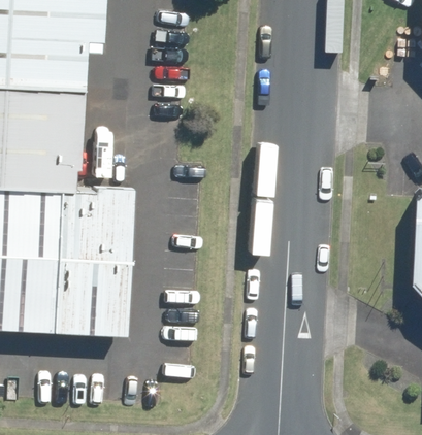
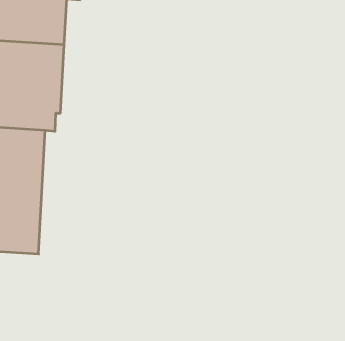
building: [51,190,131,337] -> none

